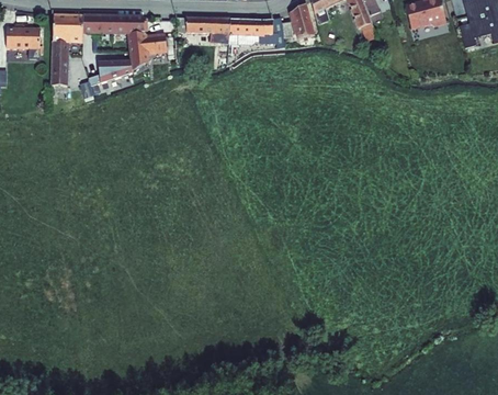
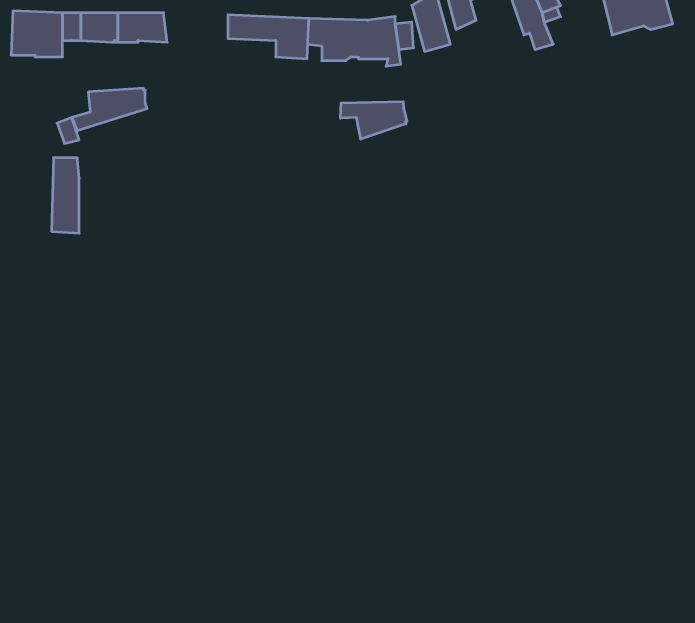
building: [128,32,167,69] -> none
building: [52,41,68,86] -> [52,158,79,233]
building: none -> [340,102,407,139]

